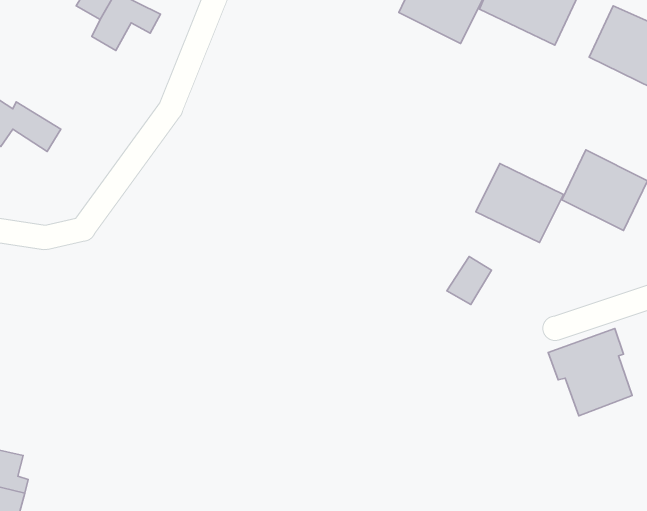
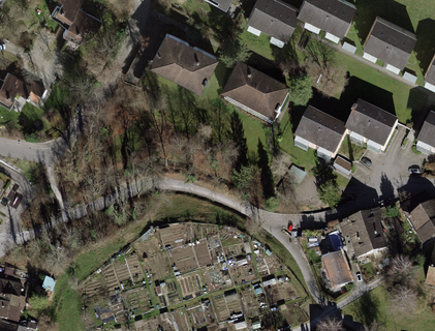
building: none -> [149,26,218,87]
building: none -> [221,65,291,125]
building: none -> [317,250,346,288]

